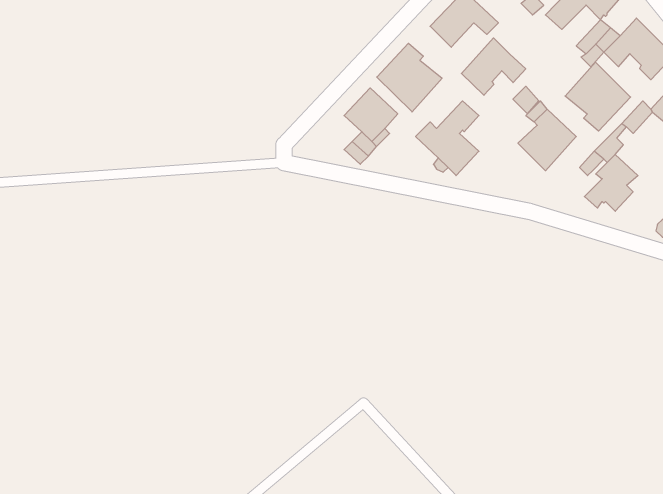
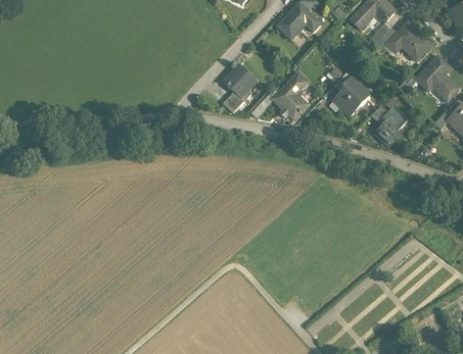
building: [461,38,526,95] -> none
building: [377,43,442,112] -> none
building: [565,62,631,131] -> none

